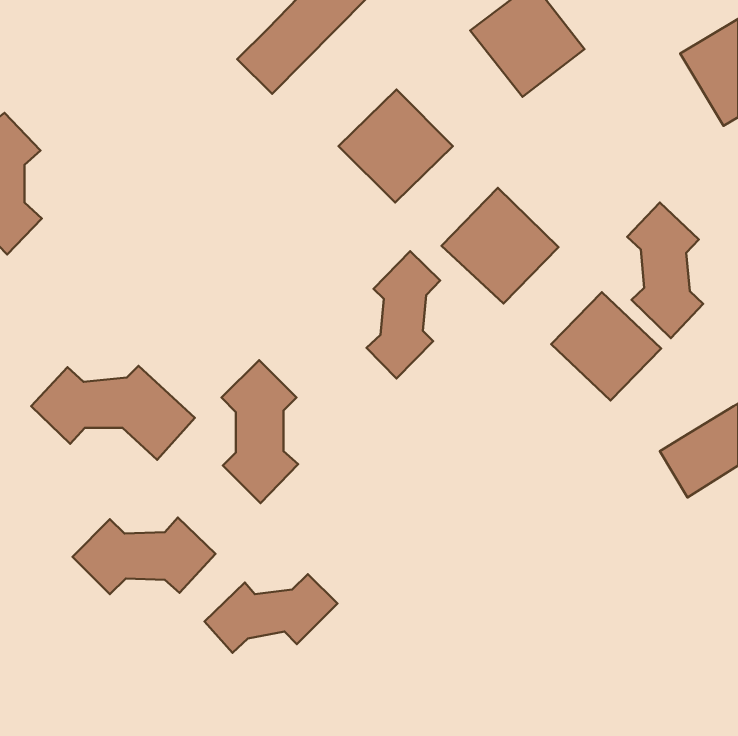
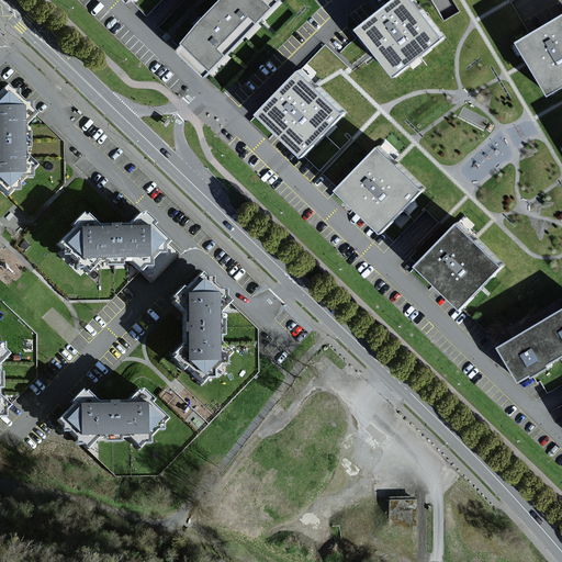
building: [627,202,703,338] -> none
building: [367,251,440,379] -> none
building: [31,366,195,460] -> [54,213,178,284]
building: [204,574,338,653] -> none

